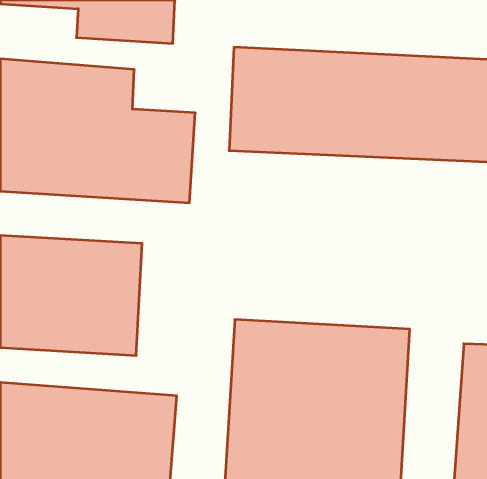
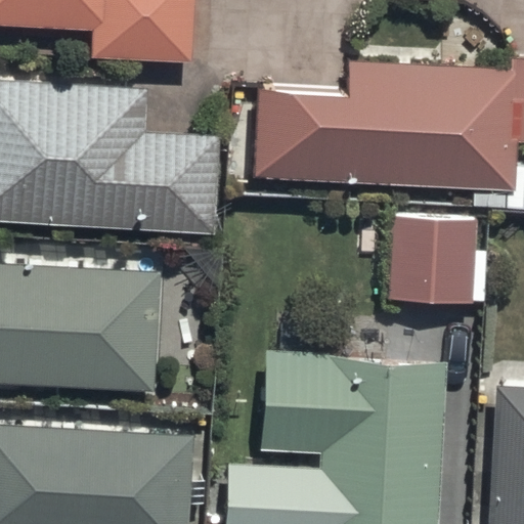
building: none -> [390,221,491,308]

